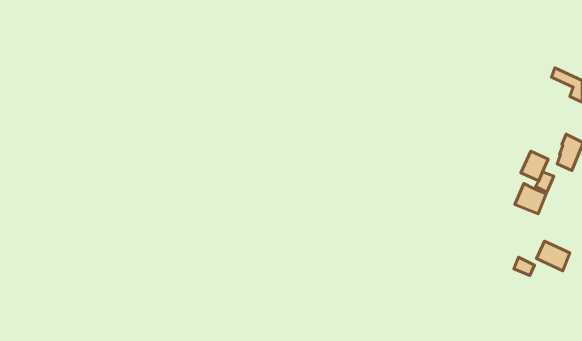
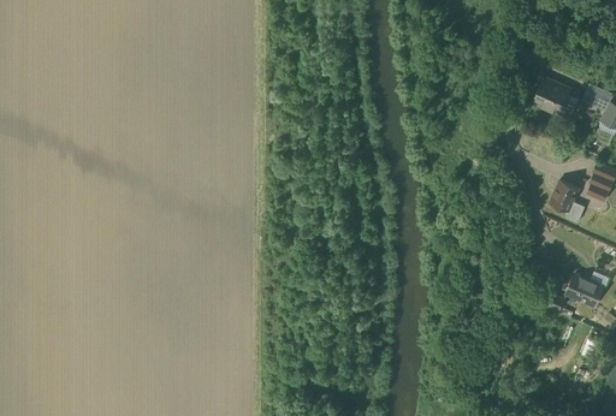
building: none -> [533,79,571,115]
building: [515,184,546,214] -> none

